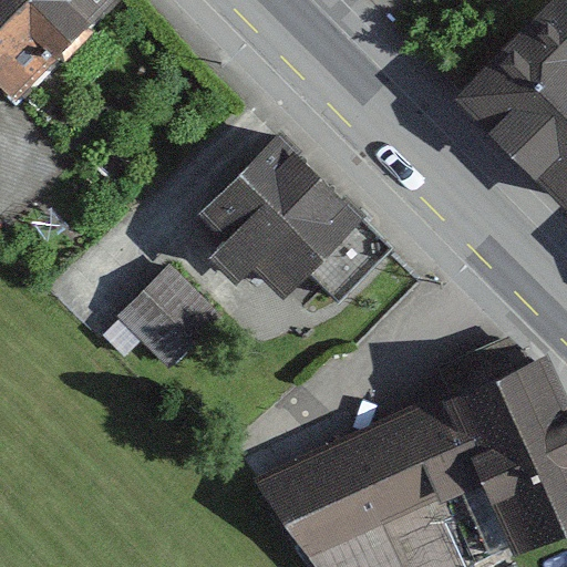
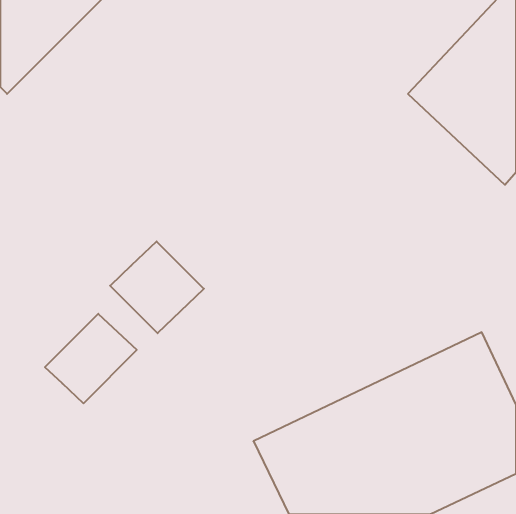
building: [197,134,393,299] -> none
building: none -> [45,314,137,403]

